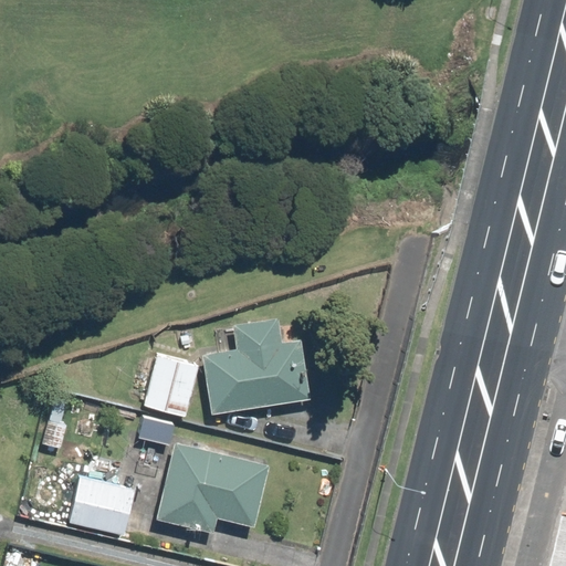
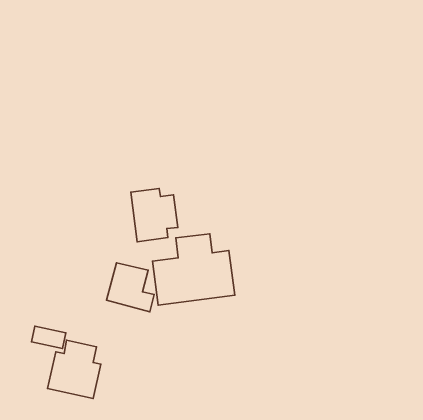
building: none -> [131,188,178,242]
building: [155,443,268,536] -> none

